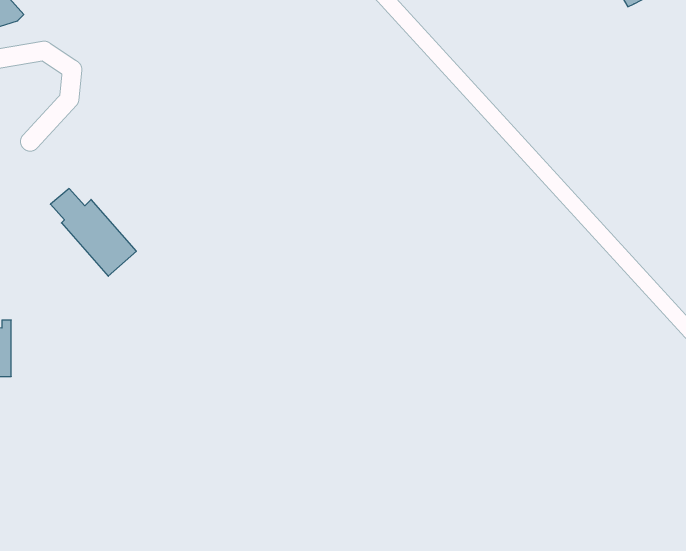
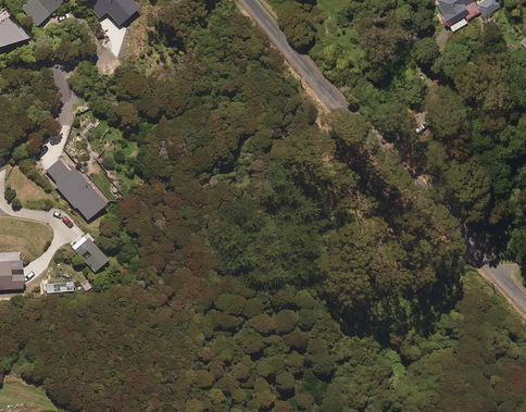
building: none -> [70,229,108,272]

